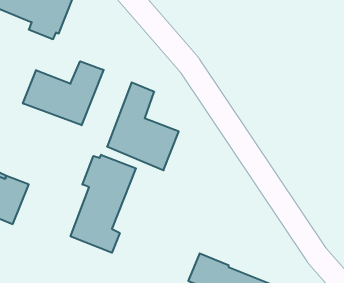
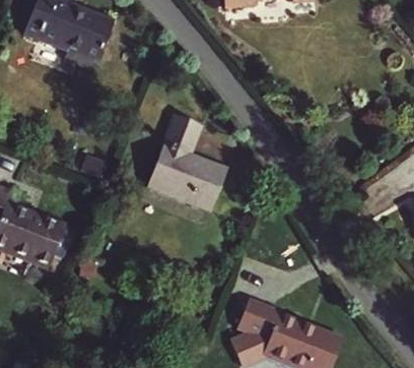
building: [23,61,104,125] -> none
building: [71,155,136,253] -> none

